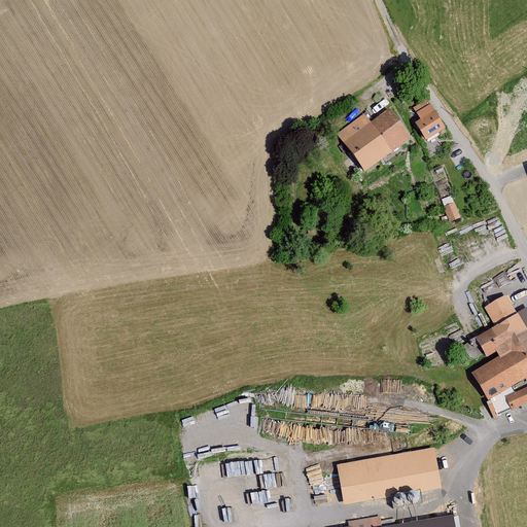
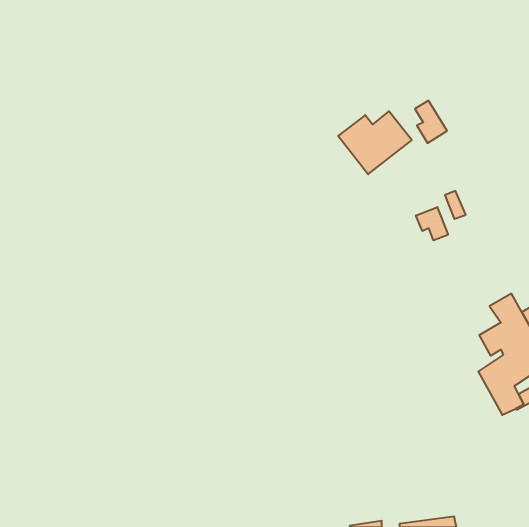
building: none -> [416,207,448,240]
building: [337,449,442,506] -> none

